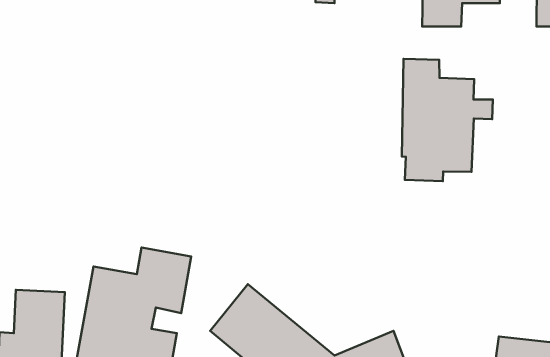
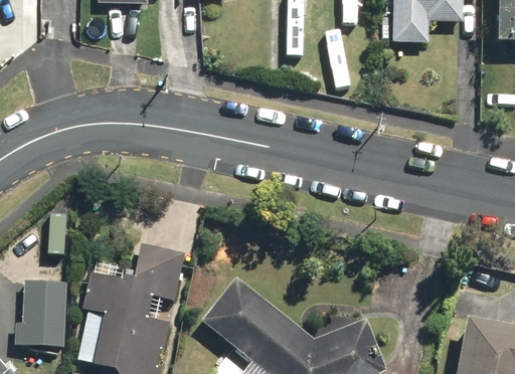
building: [402,59,493,181] -> none

